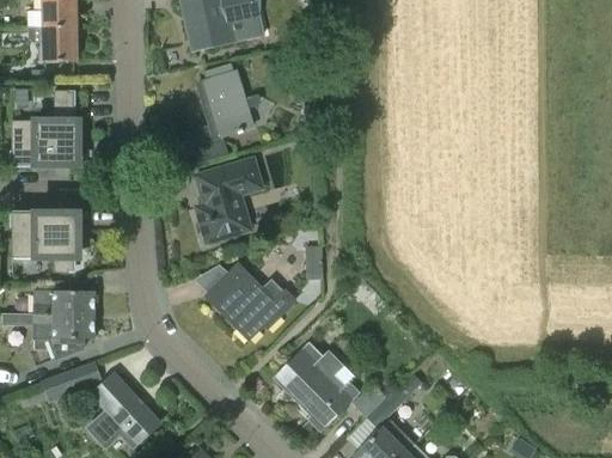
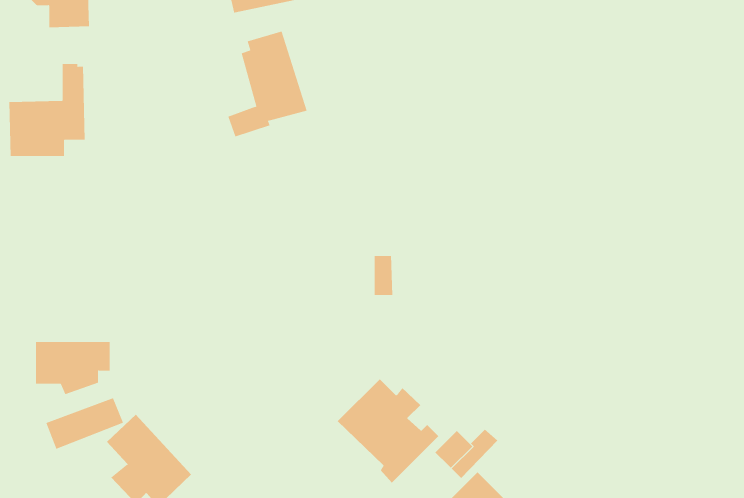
building: [195,161,261,243] -> none
building: [11,213,73,273] -> none
building: [206,263,296,338] -> none
building: [32,291,93,315] -> none

